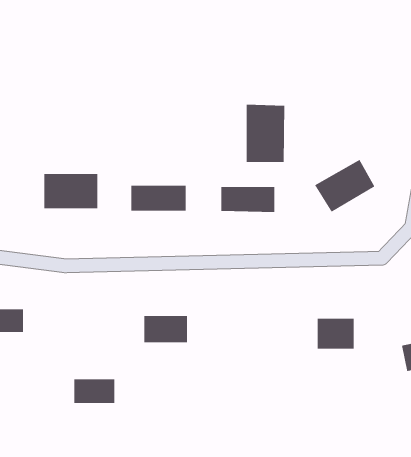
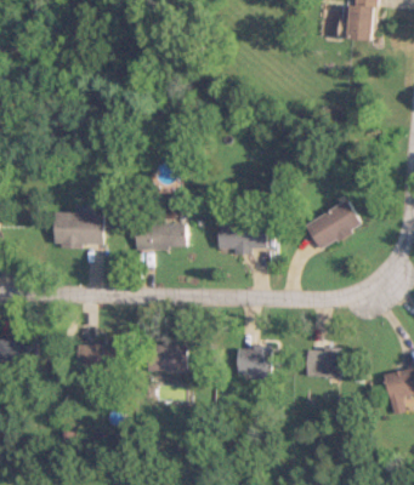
building: [246,104,285,163] -> none
building: none -> [237,347,272,384]
building: [74,379,115,404] -> [76,344,115,367]

